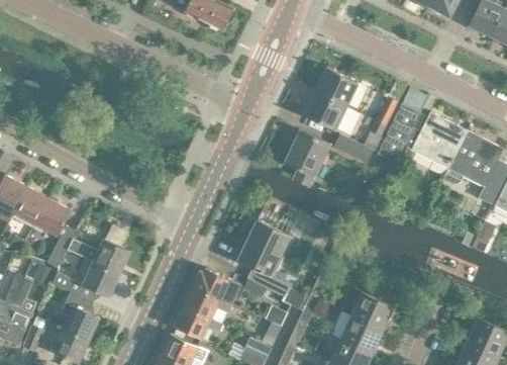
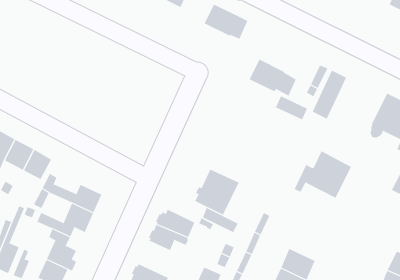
building: [315,67,368,109] -> [204,4,248,40]
building: [398,111,467,168] -> [294,151,352,198]
building: [285,129,329,185] -> none
building: [350,291,393,330] -> none
building: [175,305,223,338] -> none

